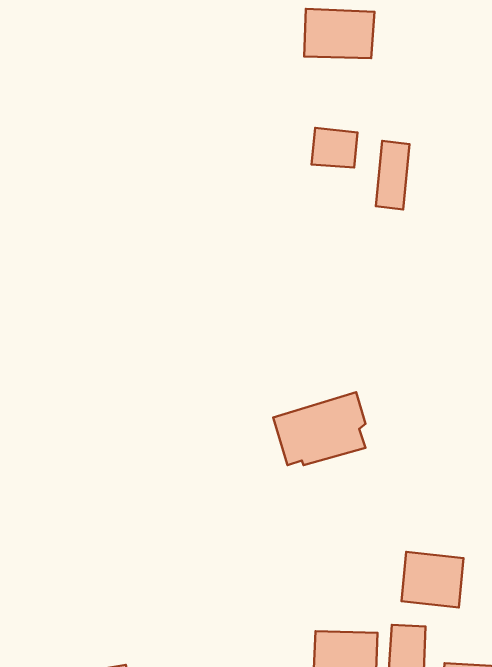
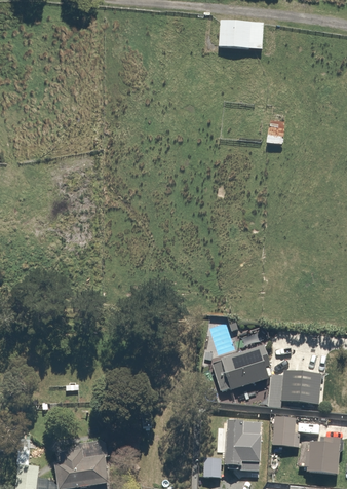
building: [311,128,357,167] -> none
building: [273,392,366,465] -> [211,346,271,393]

